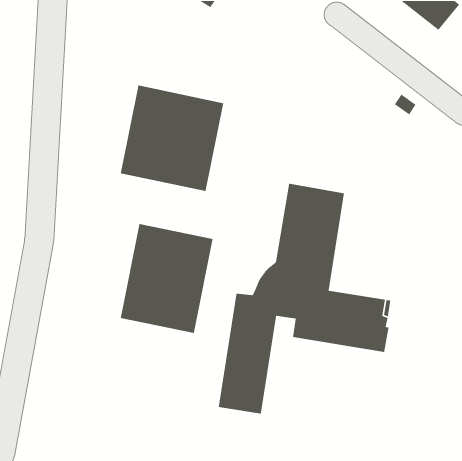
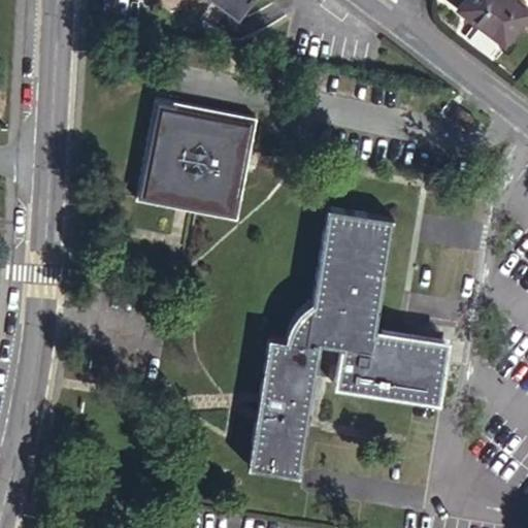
building: [120,223,213,334] -> none

